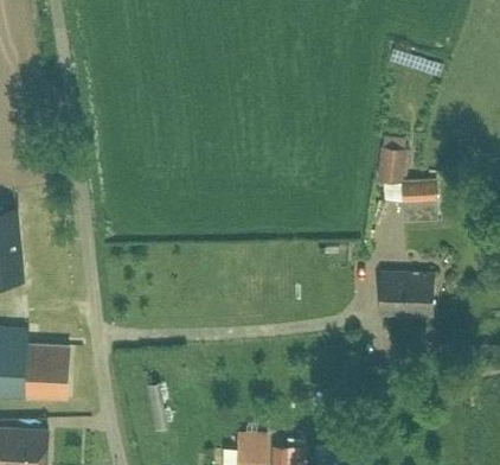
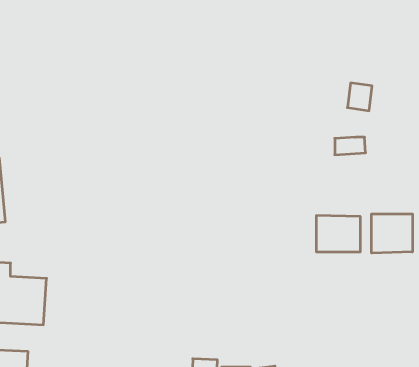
building: [378,146,406,178] -> [347,83,372,111]
building: none -> [372,214,412,253]

